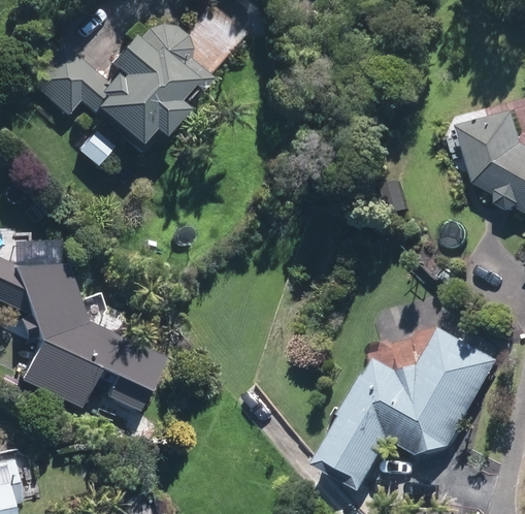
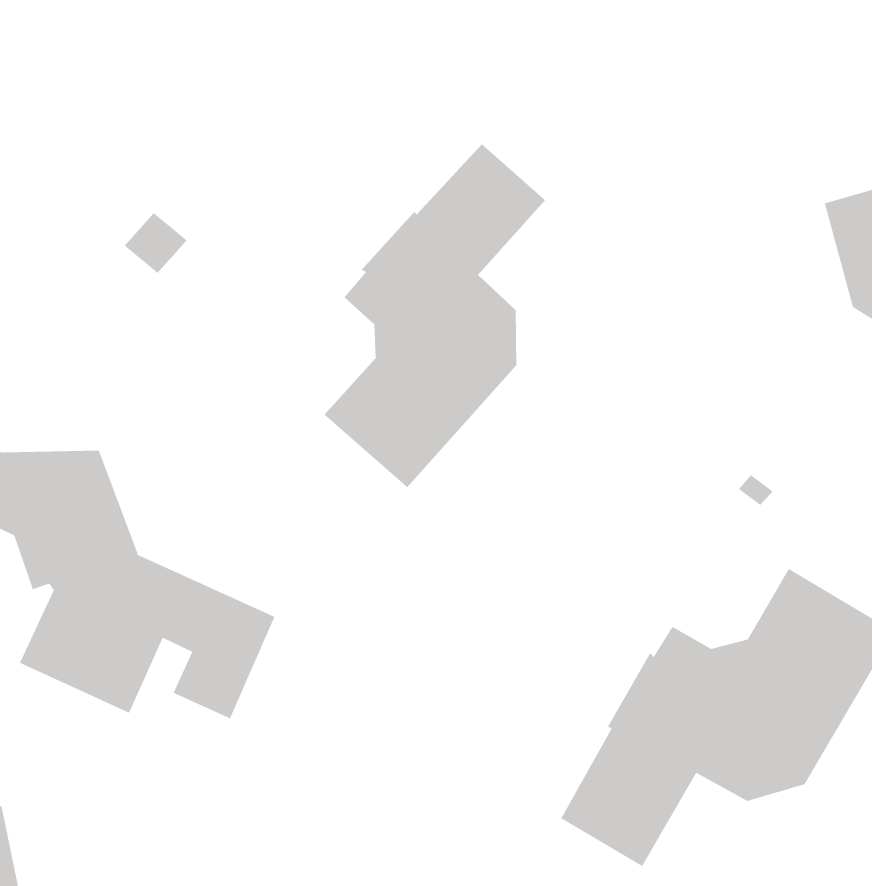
building: [26,23,208,138] -> none
building: none -> [324,143,546,488]

